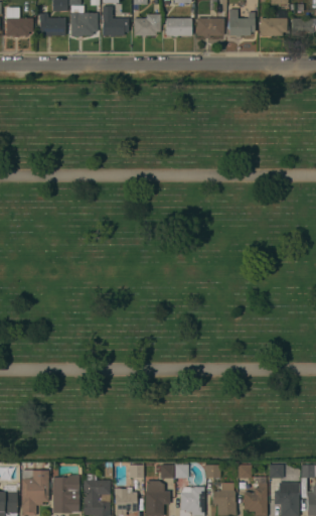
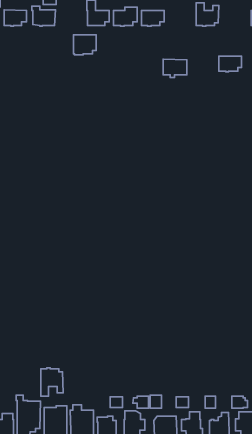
building: [70,13,97,36] -> [74,35,96,55]
building: [196,17,223,38] -> [163,59,187,77]
building: [260,18,286,36] -> [219,56,241,72]
building: none -> [41,368,63,396]

